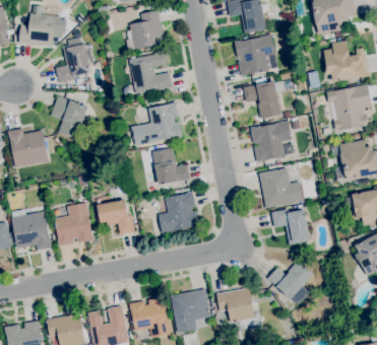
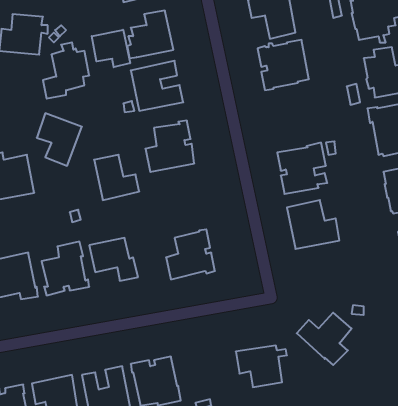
building: none -> [92,30,130,67]
building: [243,79,293,119] -> none
building: [152,148,190,186] -> [94,155,139,200]
building: [271,204,310,245] -> none
building: [171,289,210,333] -> none

